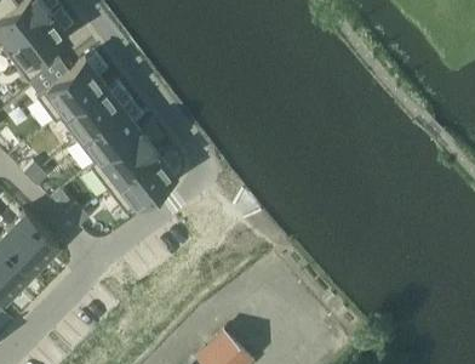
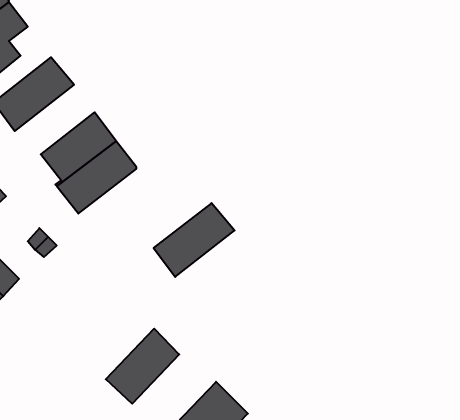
building: [56,81,122,140] -> none
building: [109,152,177,214] -> [154,203,235,277]
building: none -> [106,329,179,404]

